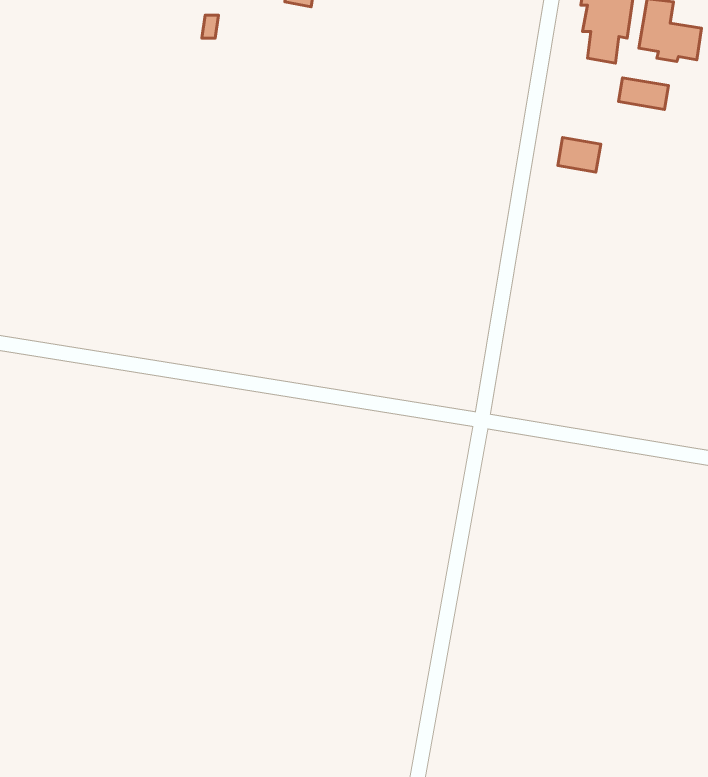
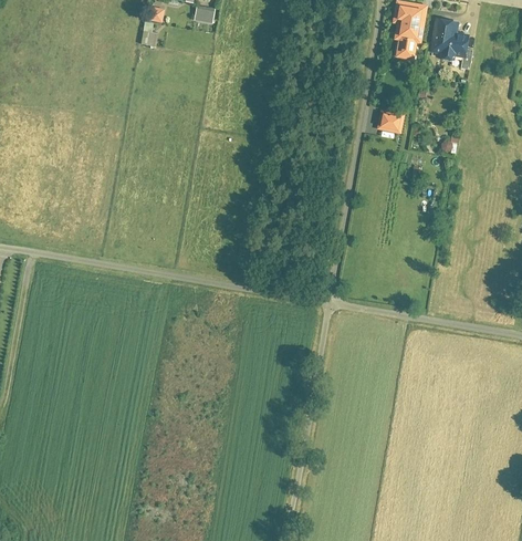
building: [618,78,668,109] -> none

